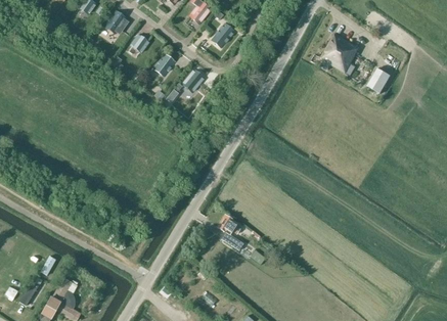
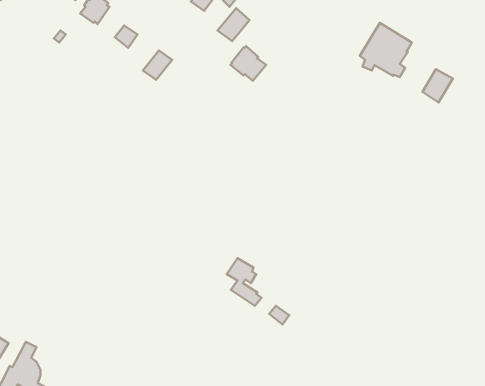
building: [182,68,210,95] -> [230,46,266,81]

